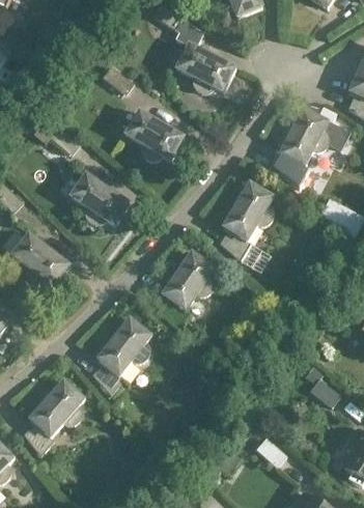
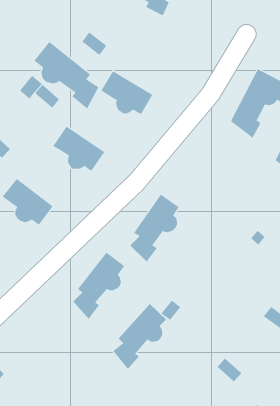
building: [174,43,234,91] -> none
building: none -> [33,41,99,110]
building: [219,180,273,272] -> none
building: [22,378,84,455] -> [113,303,167,370]

